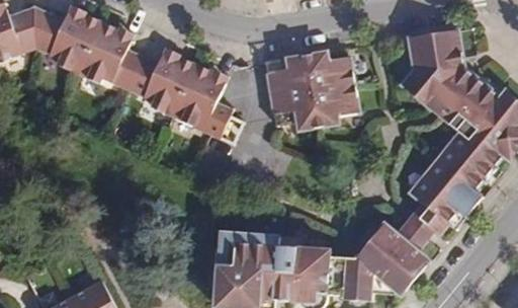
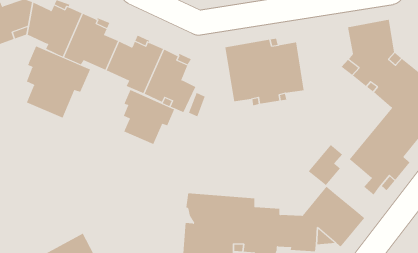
building: none -> [26,46,91,118]
building: none -> [123,89,175,145]
building: [396,202,436,250] -> [308,144,343,186]

